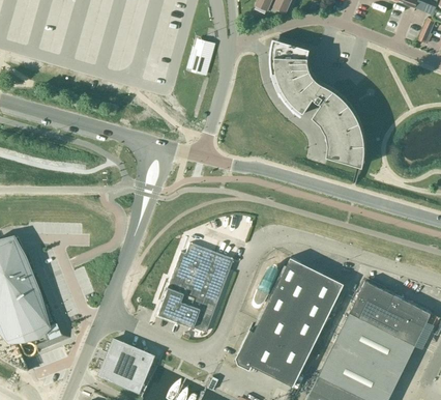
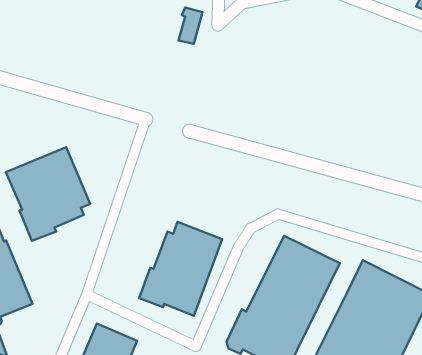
building: [270,38,365,166] -> none
building: none -> [6,147,90,241]

